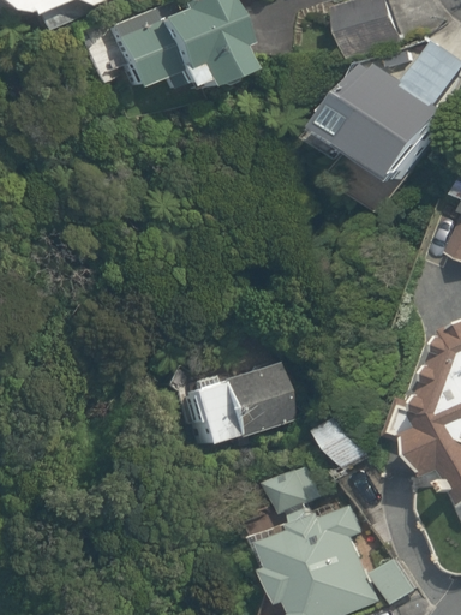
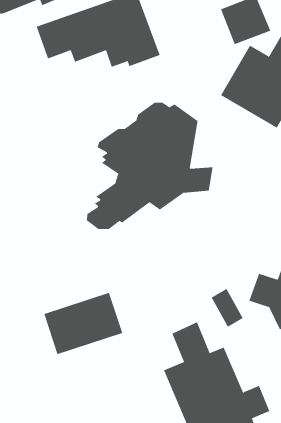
building: none -> [86,102,213,230]
building: [173,363,287,453] -> [44,292,123,355]

